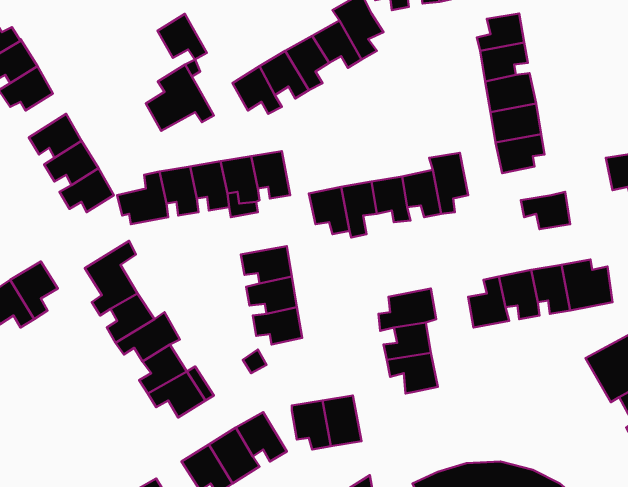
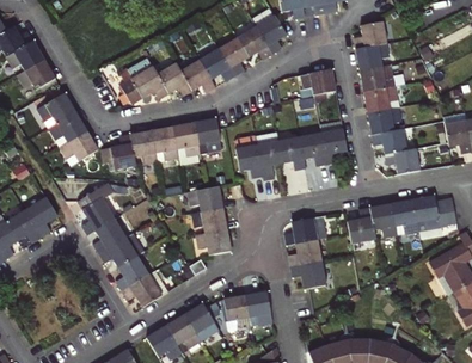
building: [158,14,207,60] -> [158,62,192,94]
building: none -> [300,68,337,97]
building: none -> [372,128,406,153]

